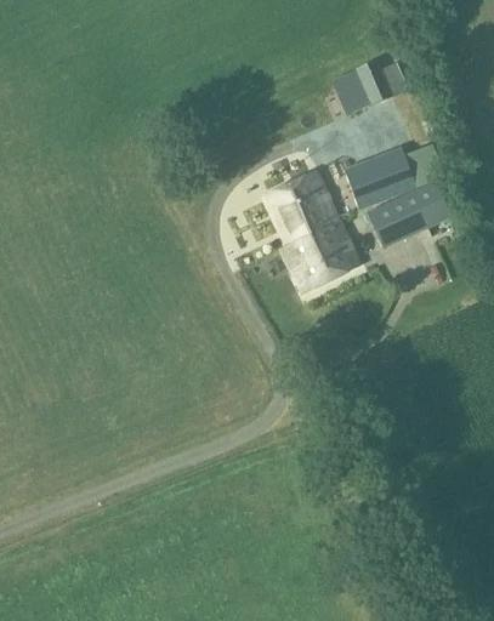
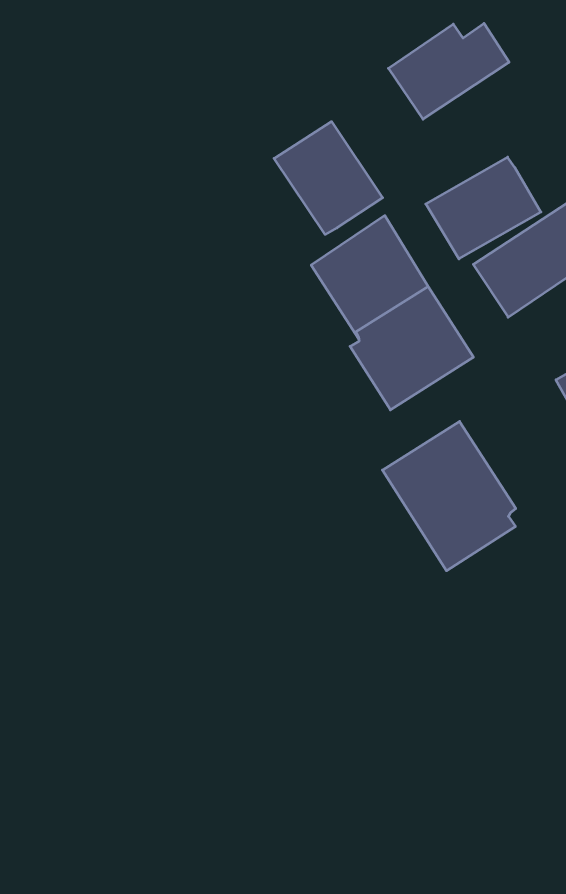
building: none -> [274,122,383,234]
building: none -> [382,421,516,571]

